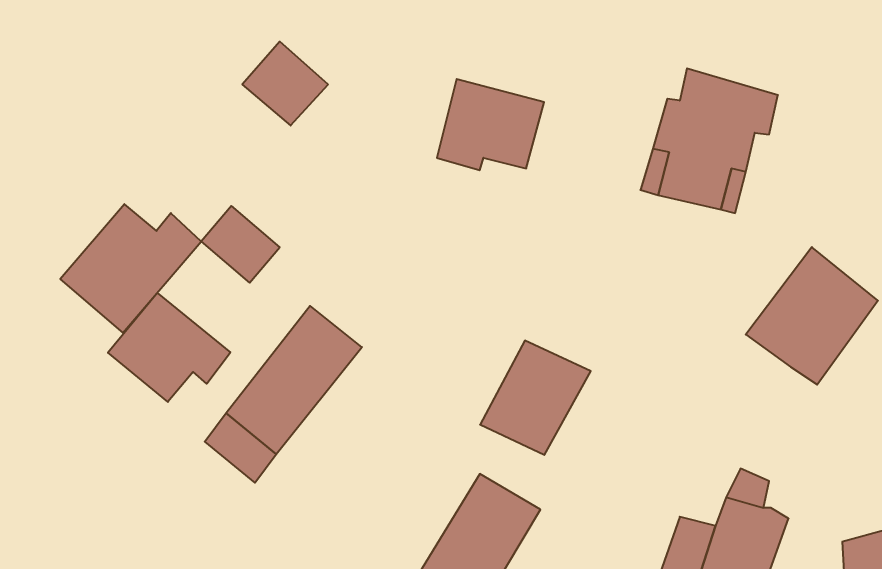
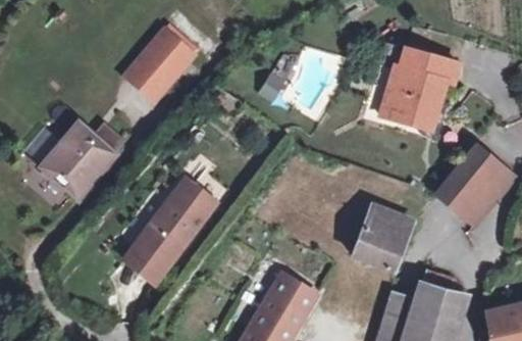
building: [201,206,280,283] -> [130,52,175,96]
building: [108,293,230,402] -> none
building: [480,341,591,455] -> [349,205,412,271]

